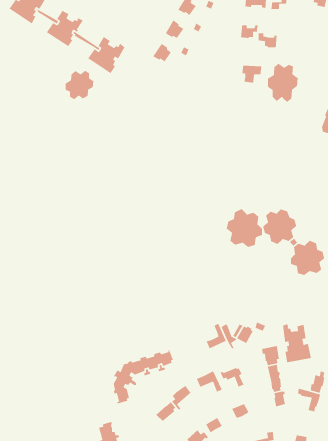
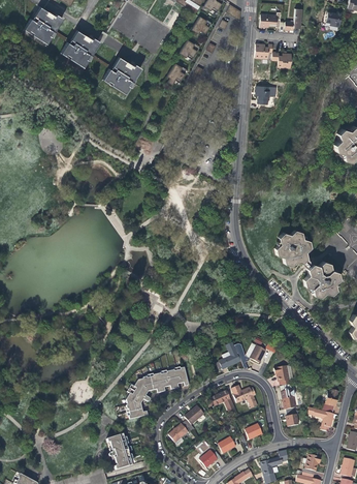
building: [267,63,299,103] -> none
building: [65,70,94,100] -> none
building: [226,208,263,248] -> none
building: [282,323,312,363] -> none

